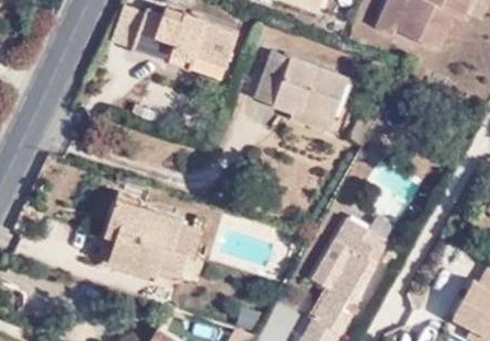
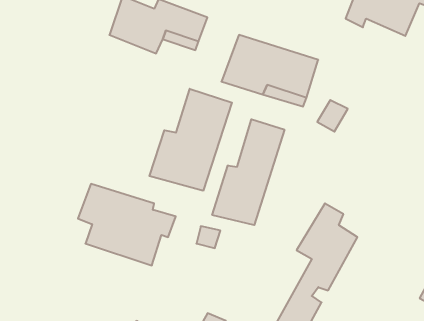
building: none -> [149,89,232,191]
building: none -> [212,119,284,225]

